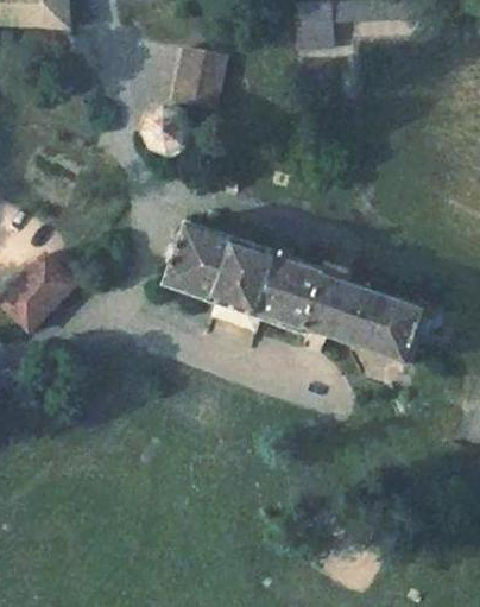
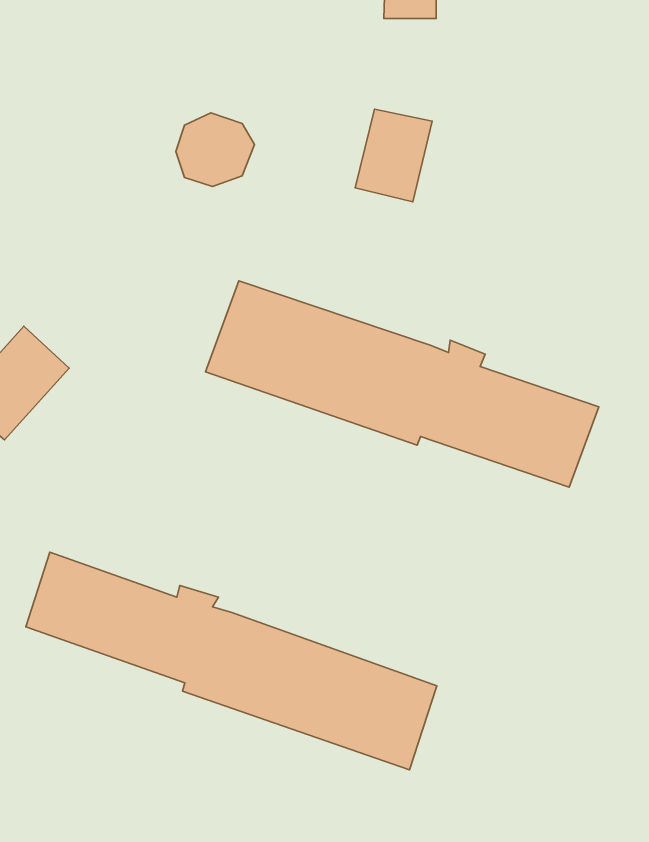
building: [173,49,226,112] -> [355,109,432,202]
building: none -> [26,552,437,770]

